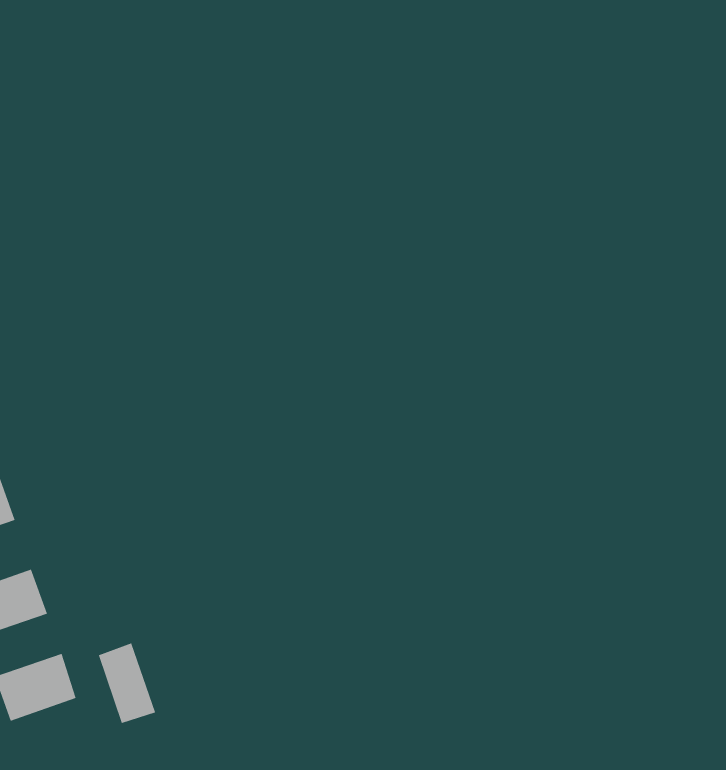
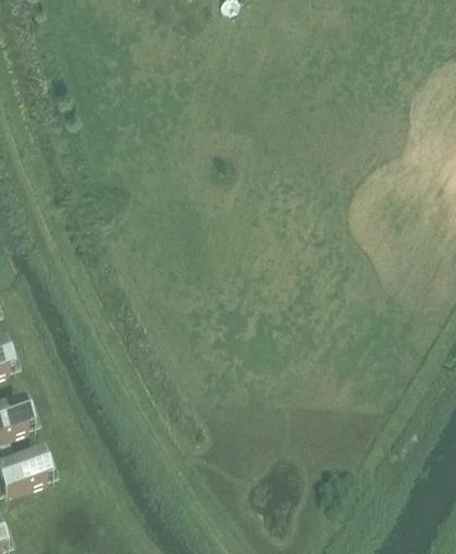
building: [98,642,156,724] -> none

